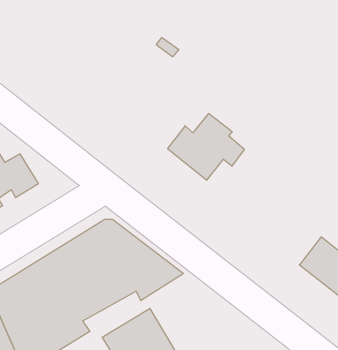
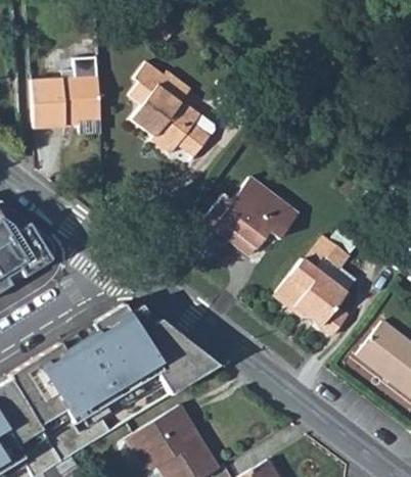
building: none -> [32,58,102,134]
building: none -> [129,62,215,158]
building: none -> [276,237,350,337]

